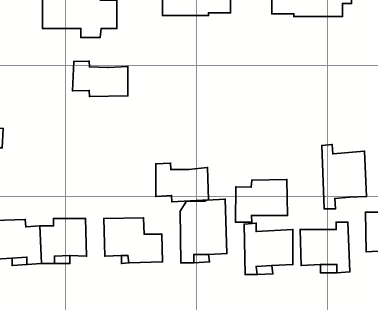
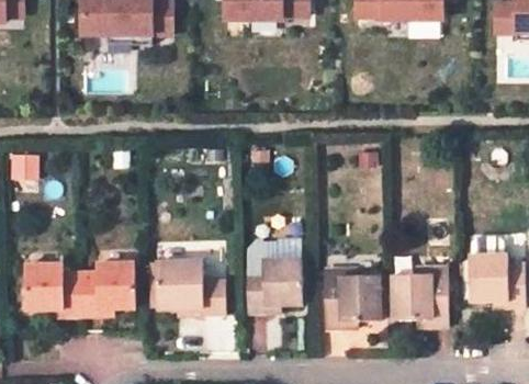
building: [73,61,128,96] -> none
building: [322,145,367,209] -> none
building: [156,163,208,202] -> none
building: [236,180,288,222] -> none

